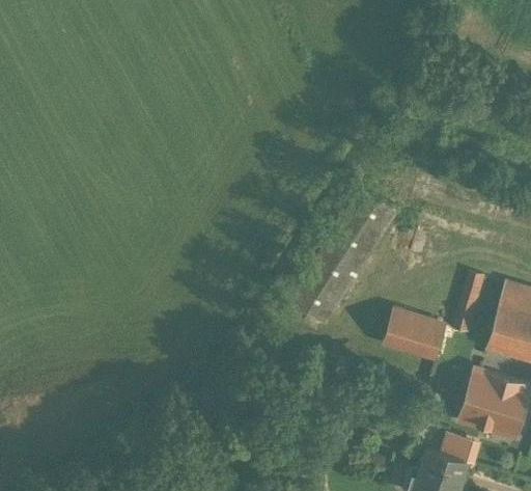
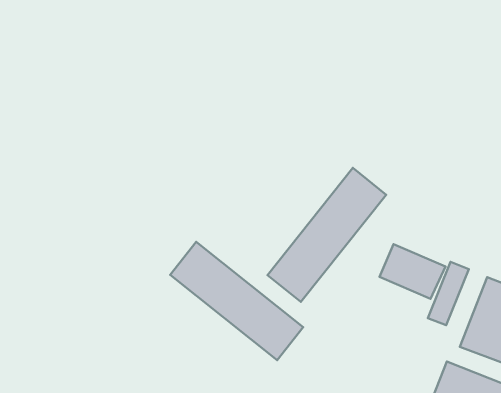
building: none -> [170,242,303,360]
building: [384,308,447,358] -> [380,244,446,299]

